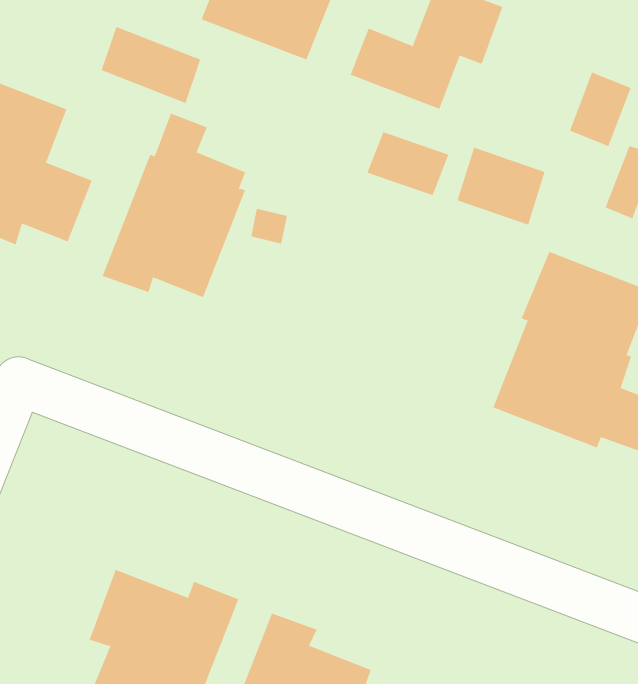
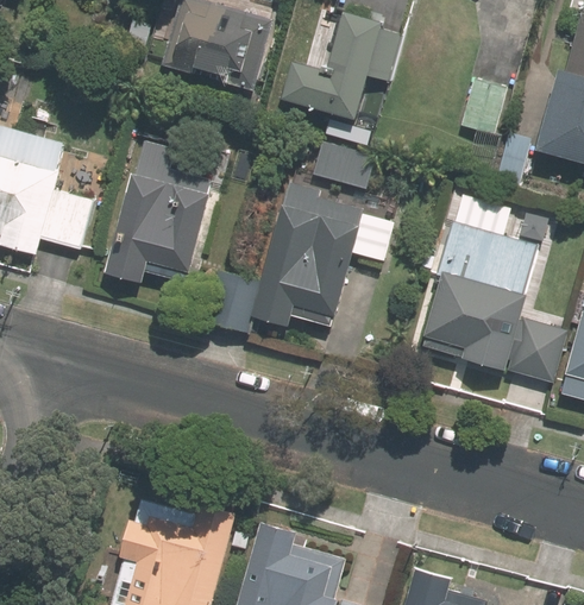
building: [101,26,201,104] -> none
building: [457,147,545,225] -> none
building: none -> [197,181,353,332]

